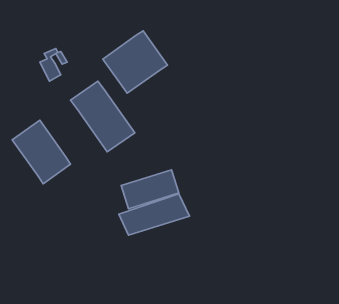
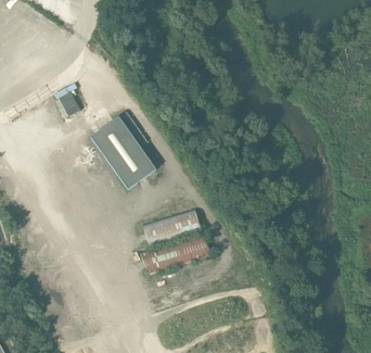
building: [103,31,168,93] -> none
building: [12,120,70,184] -> none

